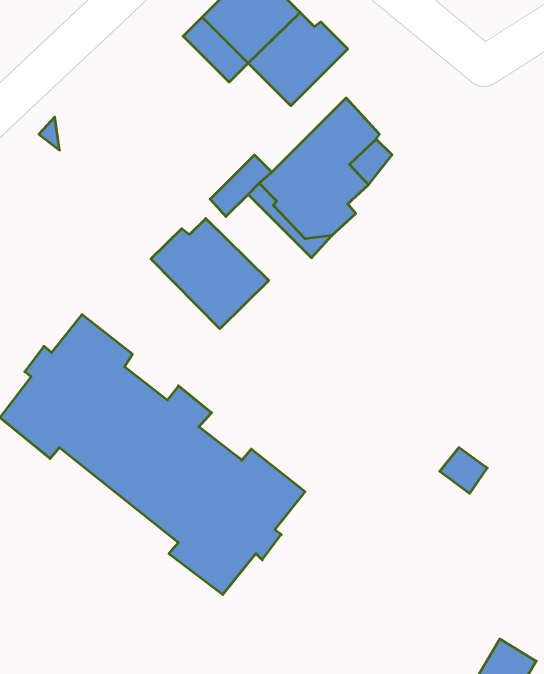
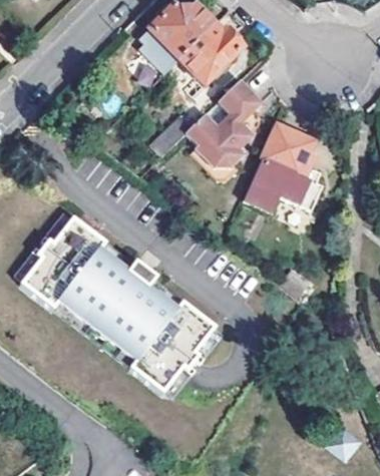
building: none -> [241,122,318,218]
building: [151,218,269,329] -> none

